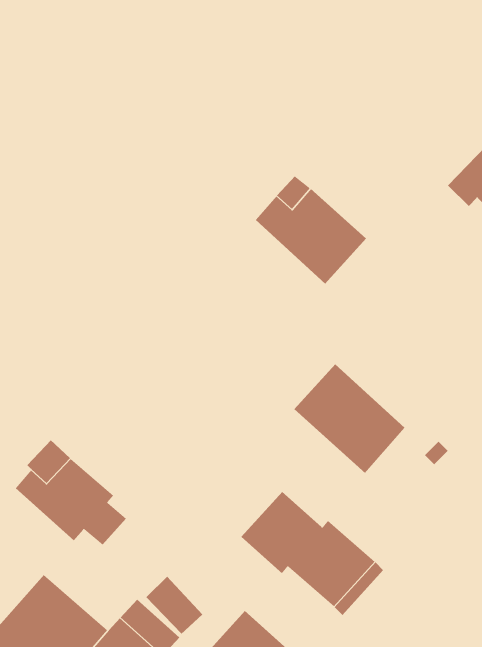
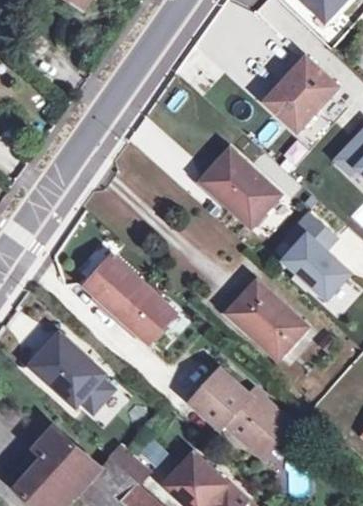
building: none -> [264,57,337,130]
building: none -> [281,214,347,298]
building: none -> [77,249,179,346]

